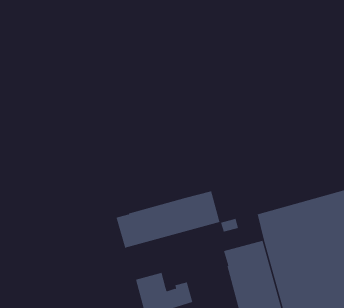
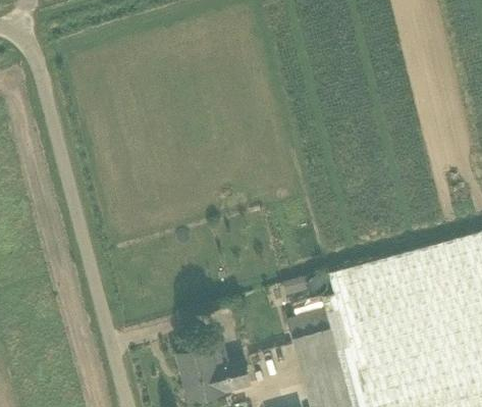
building: [116,190,220,248] -> none

